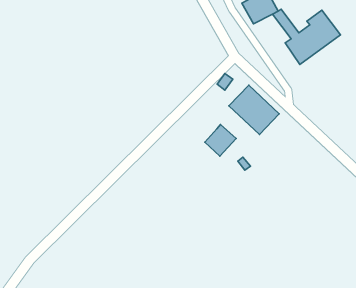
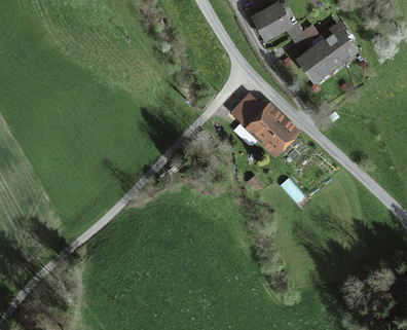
building: [205,124,236,156] -> none

